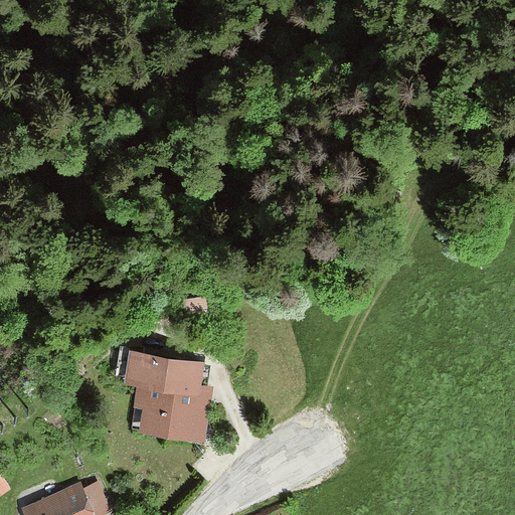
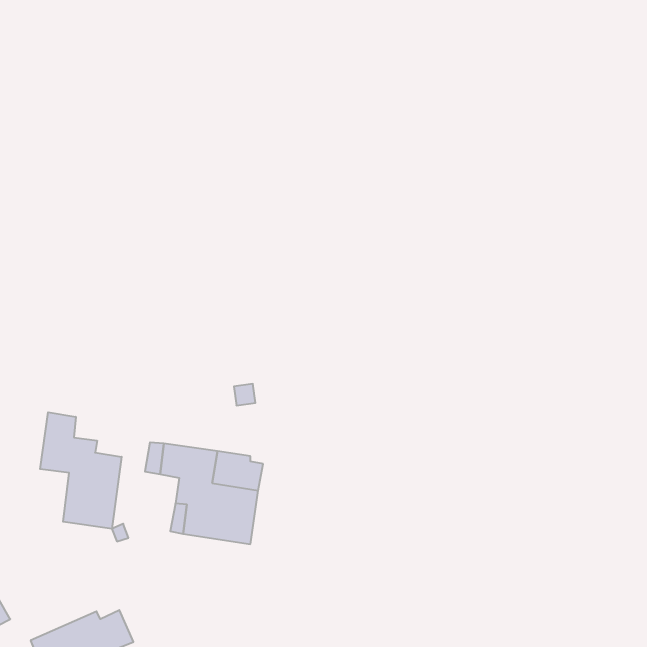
building: none -> [40,412,122,529]

